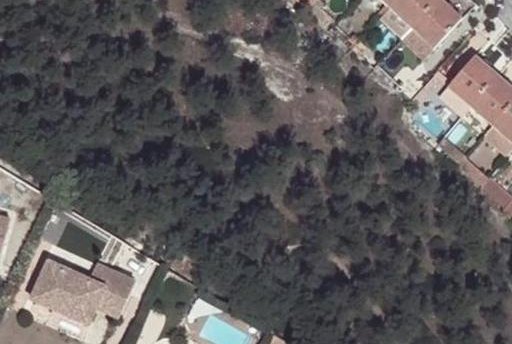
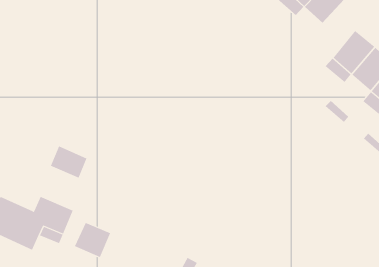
building: none -> [50,146,87,178]
building: none -> [74,222,111,258]

